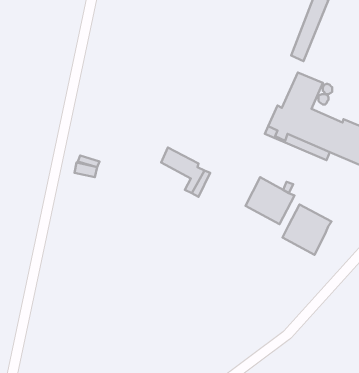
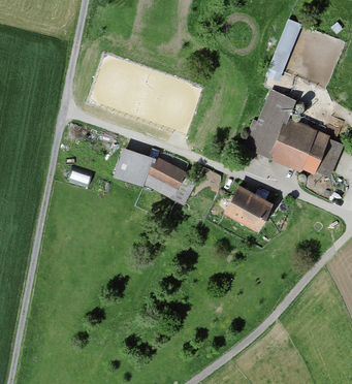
building: none -> [117,150,177,197]
building: [282,205,332,255] -> none

